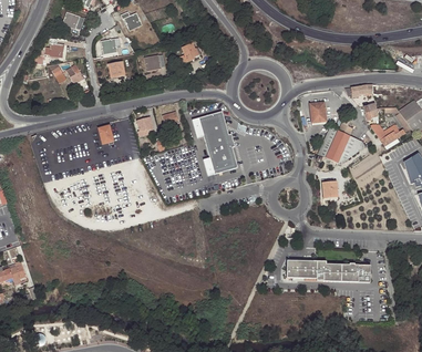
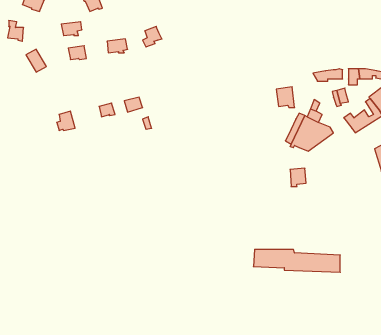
building: [191,113,238,177] -> none

